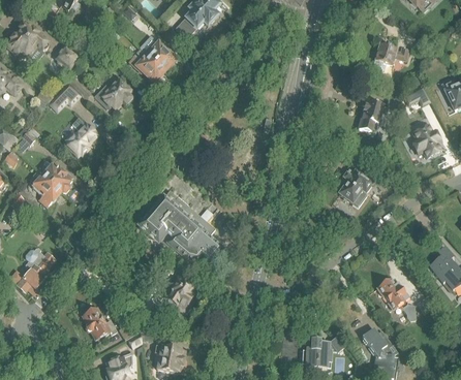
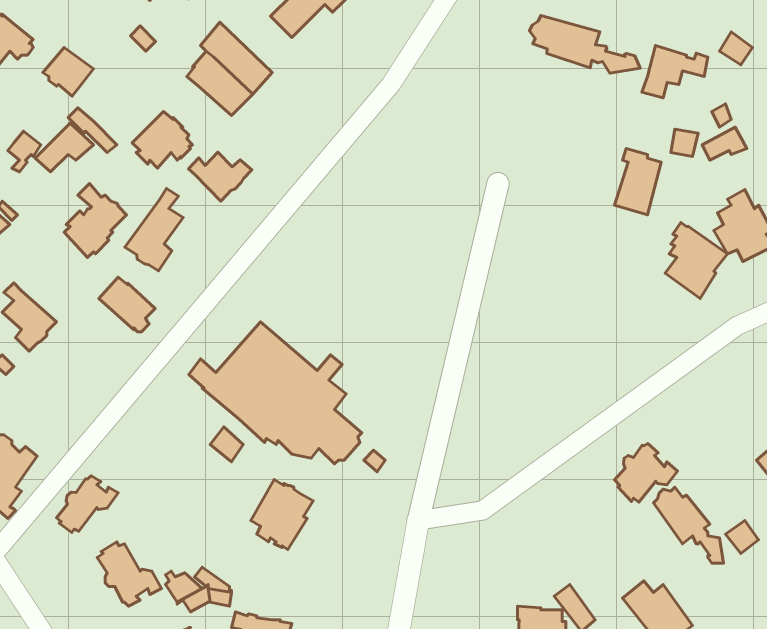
building: none -> [530,16,640,73]
building: none -> [189,152,252,201]
building: none -> [125,189,183,271]
building: [41,162,71,191] -> [99,277,155,332]
building: [338,166,371,207] -> [665,223,727,298]
building: none -> [615,443,677,502]
building: none -> [57,476,118,533]

